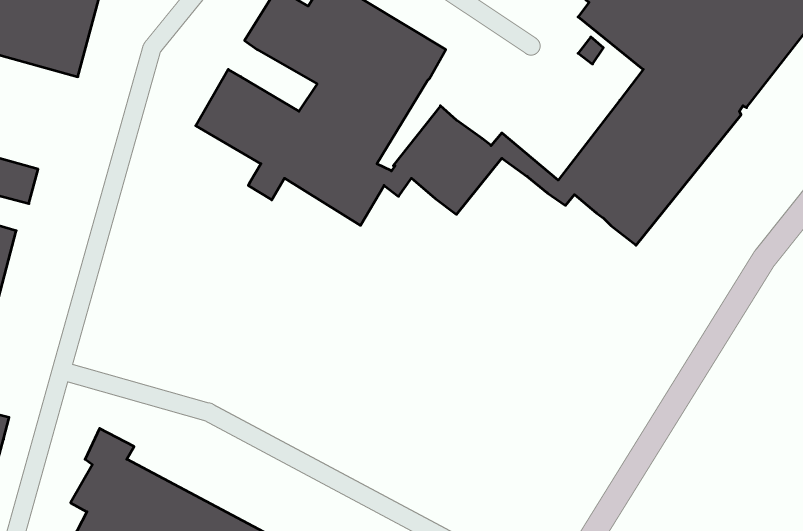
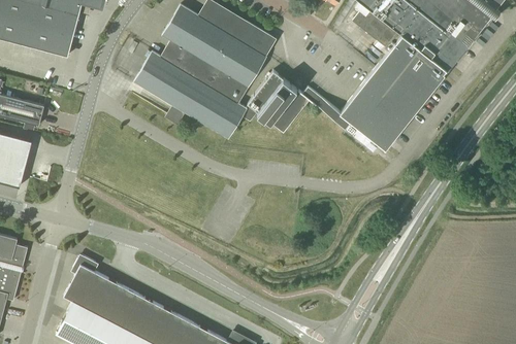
building: none -> [160,39,203,74]

